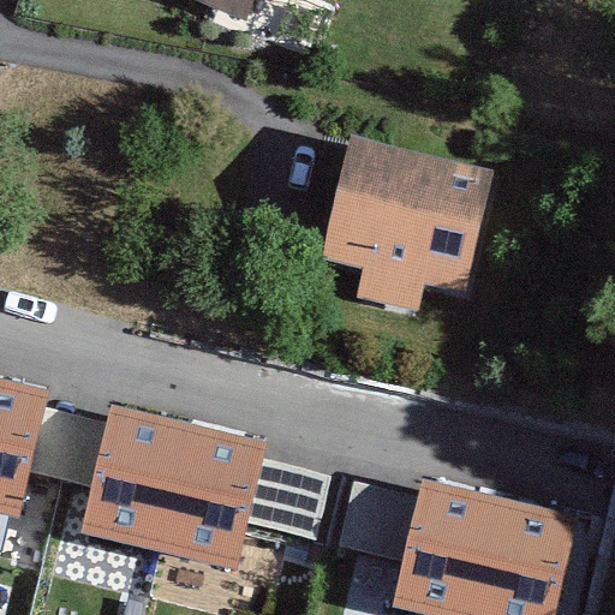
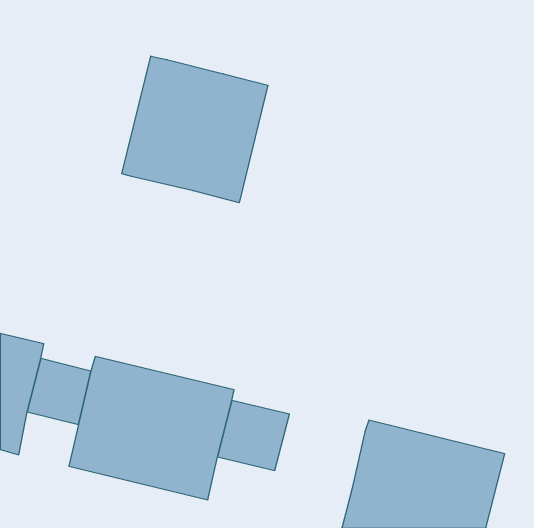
building: none -> [122,56,268,203]
building: [311,127,491,281] -> none
building: [340,482,419,561] -> none

